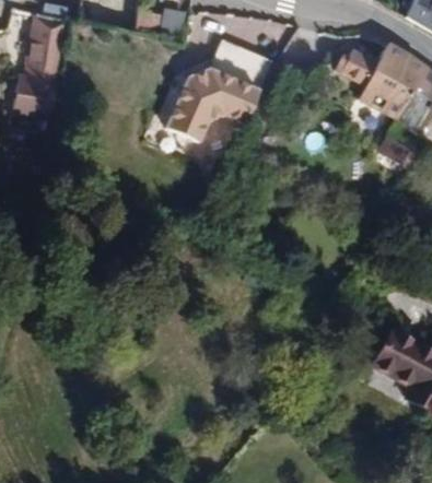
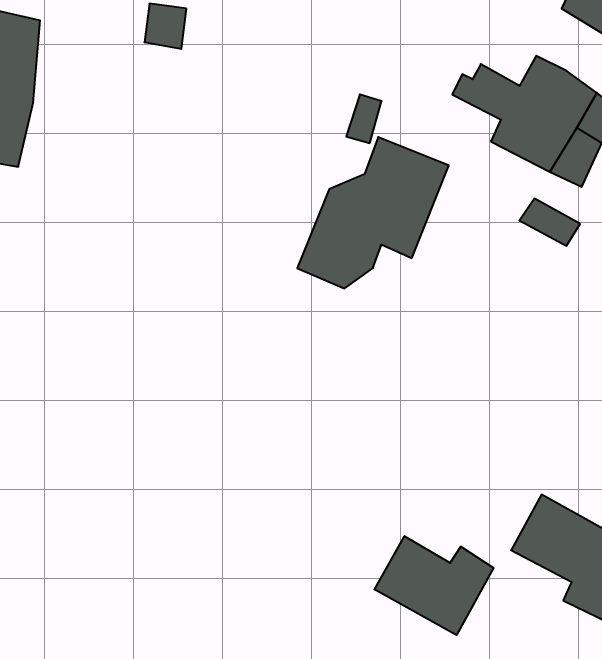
building: [168,42,267,140] -> [297,137,449,288]
building: none -> [374,536,493,635]

